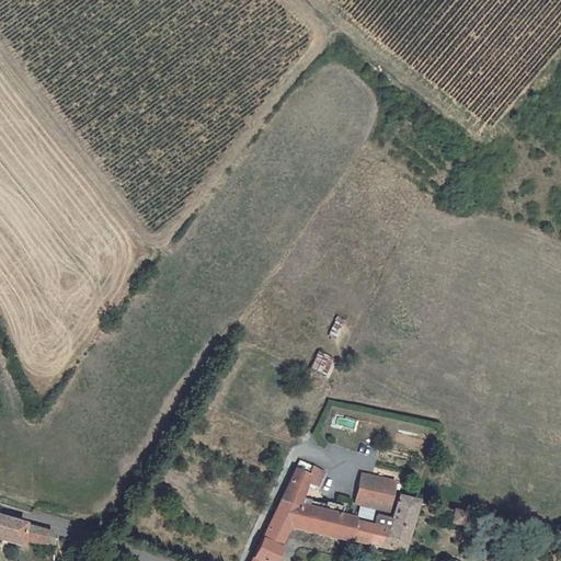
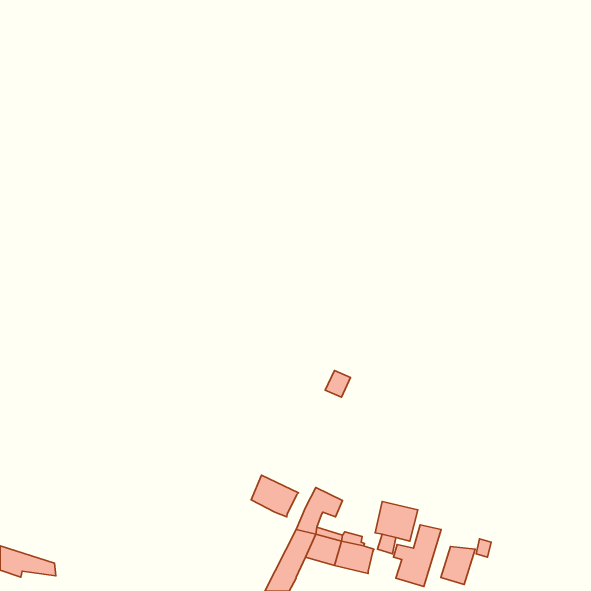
building: none -> [251,475,298,517]
building: none -> [441,546,475,584]
building: [350,520,381,546] -> none

